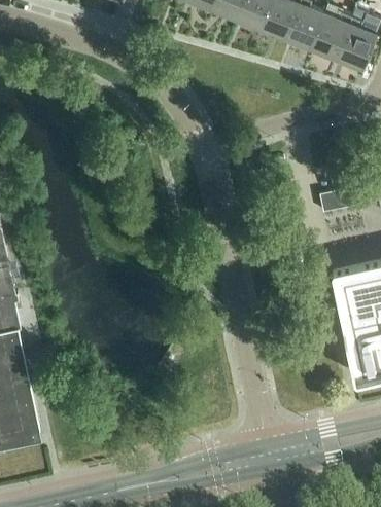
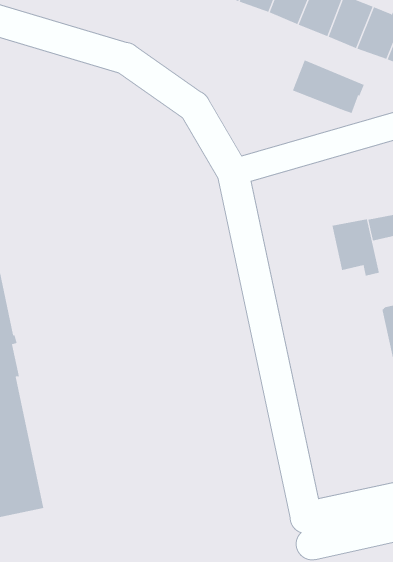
building: none -> [292,59,365,114]
building: none -> [332,219,380,276]

